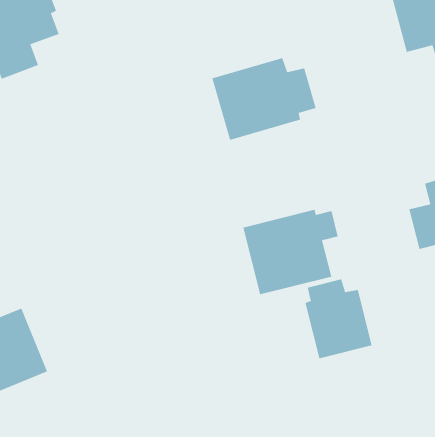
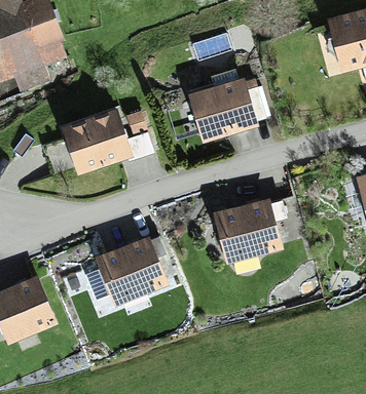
building: none -> [61,107,155,174]
building: none -> [84,235,169,307]
building: [305,278,372,359] -> none

